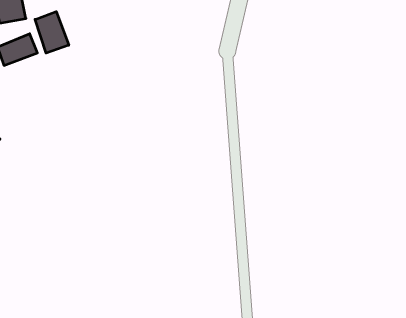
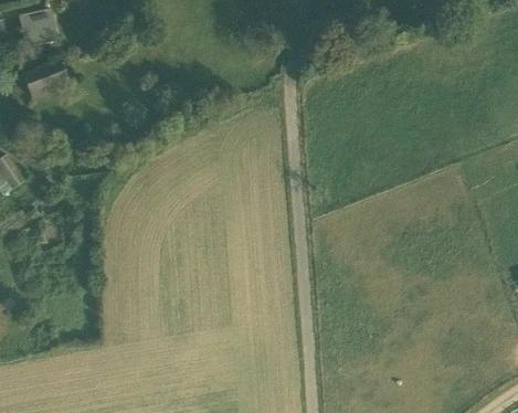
building: [35,12,69,53] -> none

